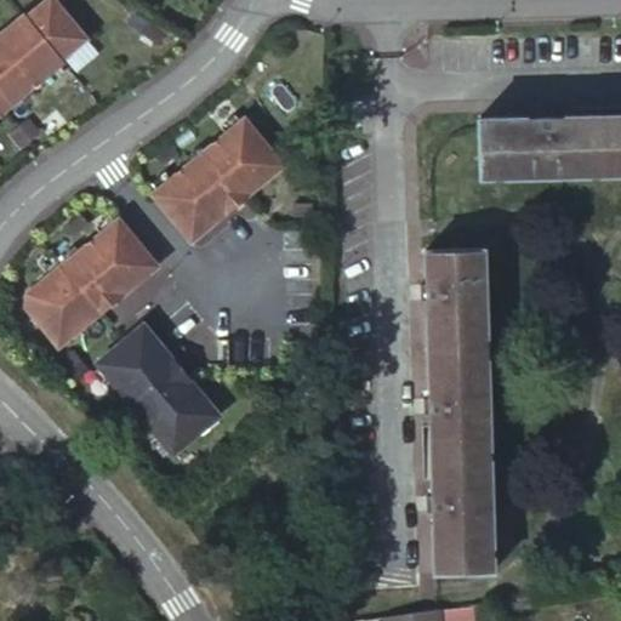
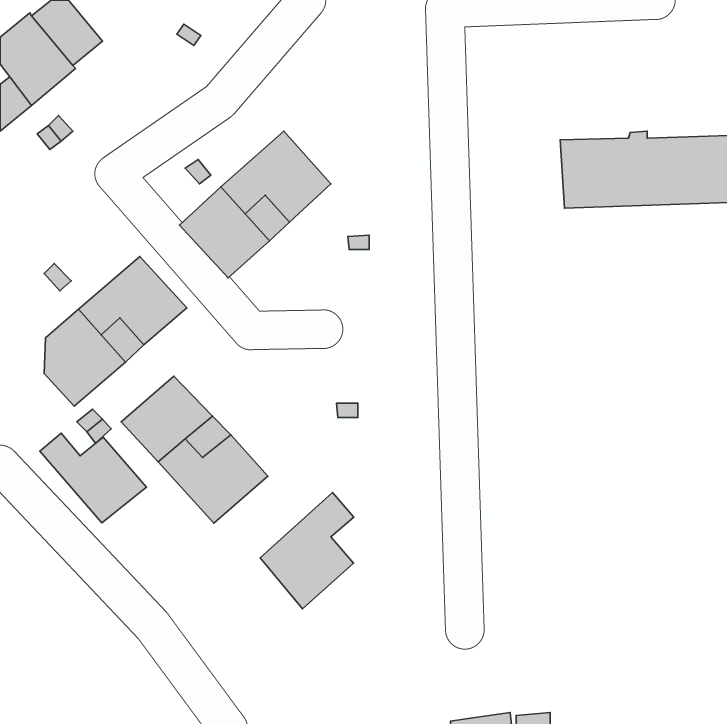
building: [421,252,491,572] -> none
building: none -> [40,433,146,523]
building: none -> [260,492,354,609]

